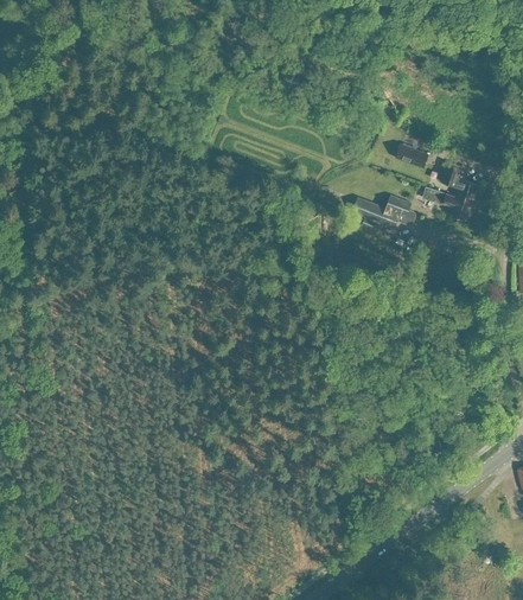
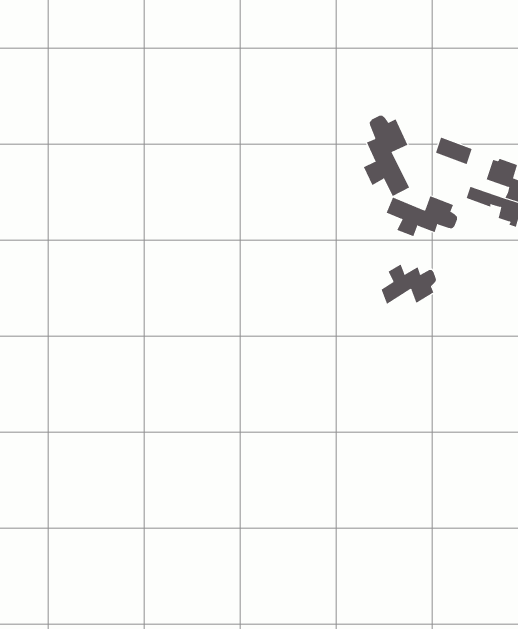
building: none -> [363,115,410,197]
building: none -> [381,264,436,305]

